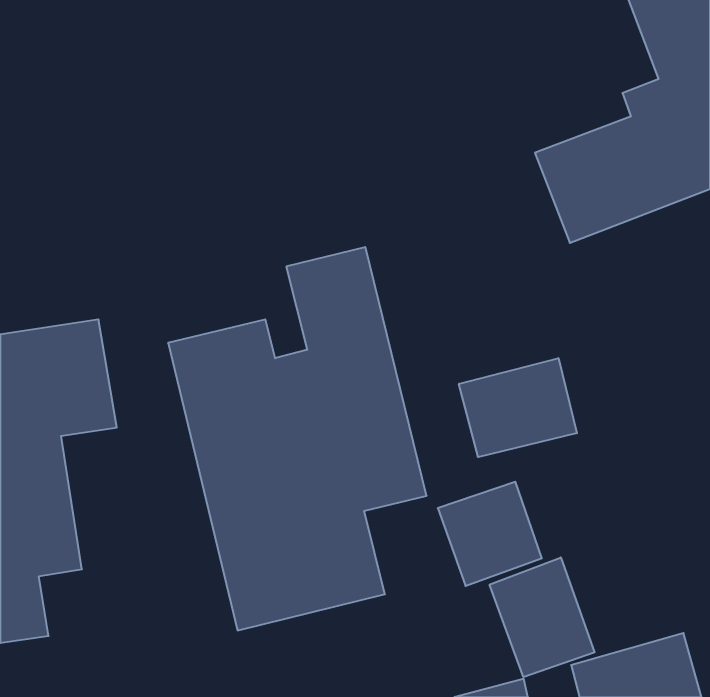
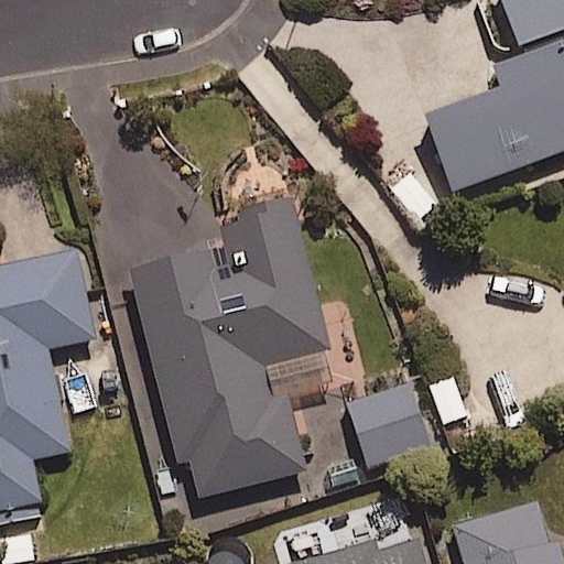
building: [459,358,577,457] -> none
building: [490,557,595,677] -> none

